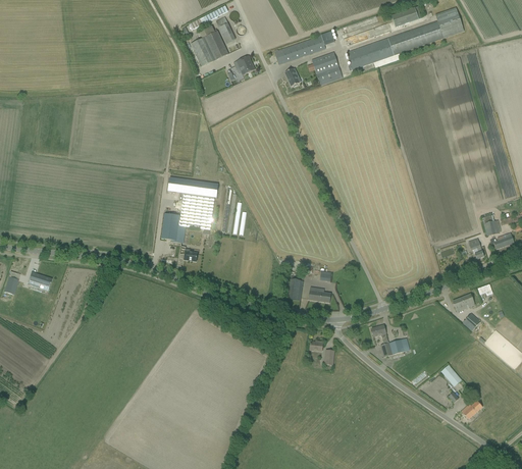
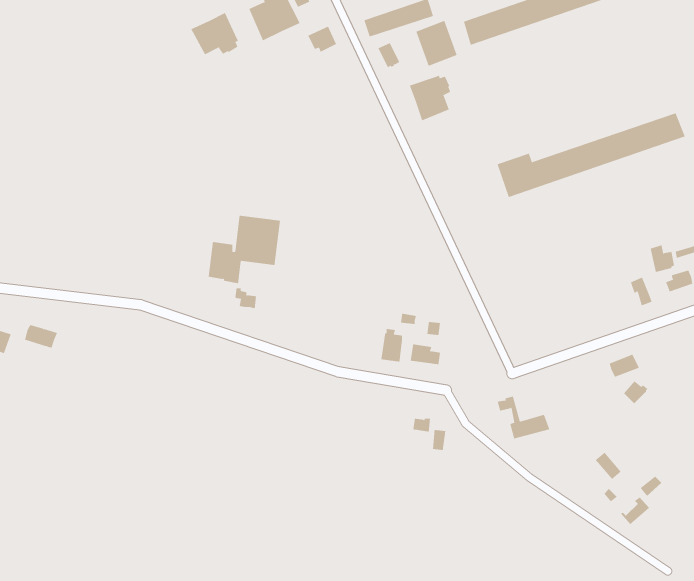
building: none -> [191,12,239,55]
building: none -> [409,75,451,121]
building: none -> [497,112,686,198]

